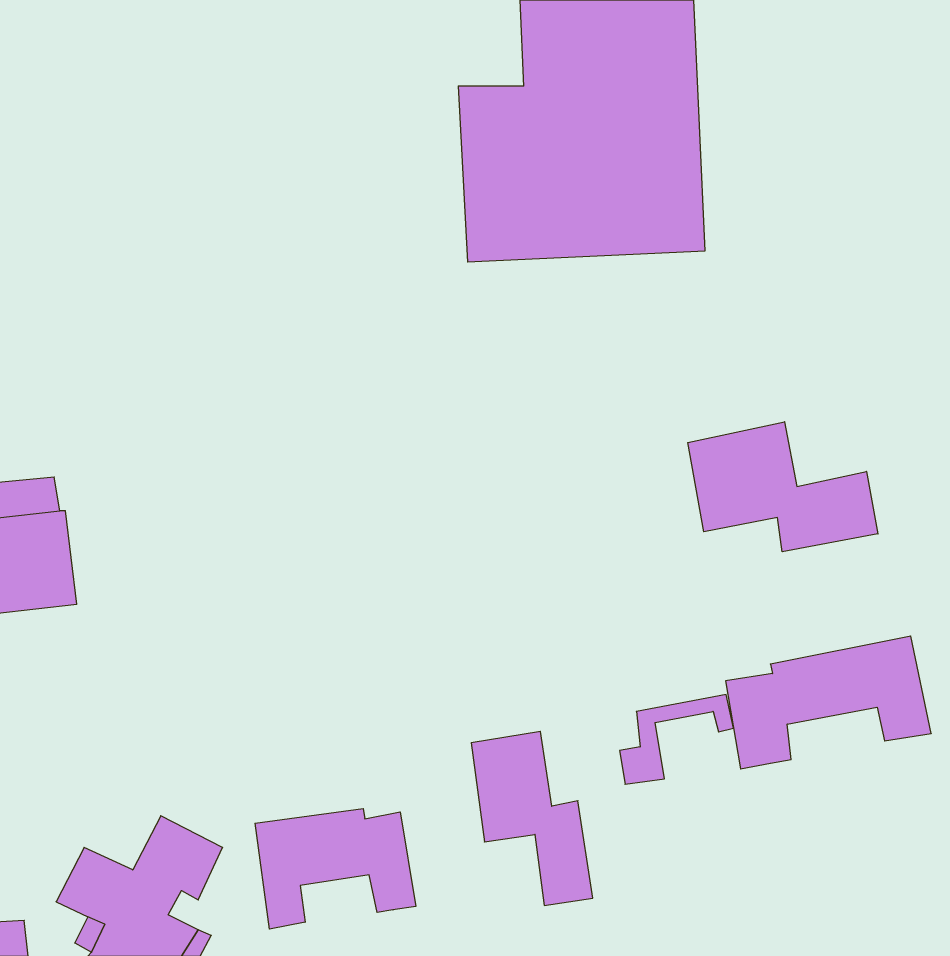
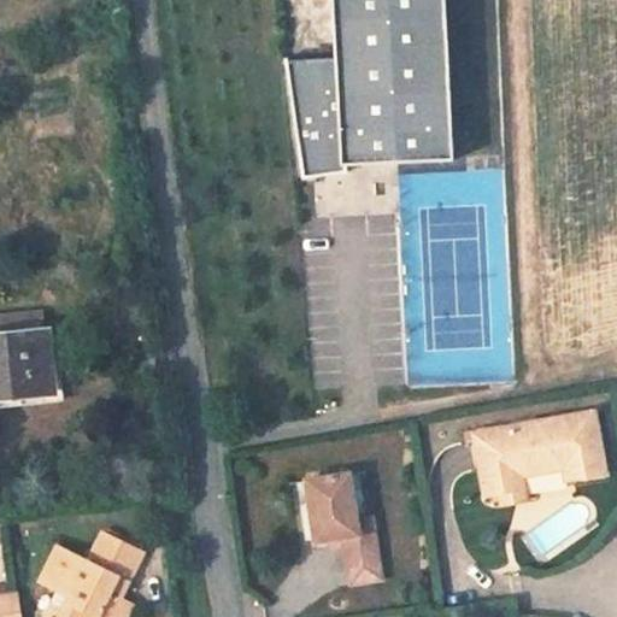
building: [688,422,878,552] -> none
building: [620,695,734,784] -> [496,456,570,513]
building: [255,809,416,929] -> none

